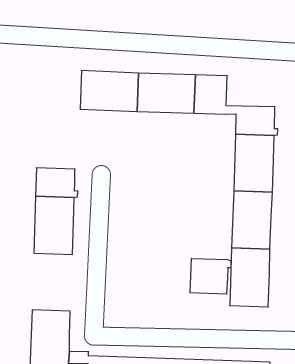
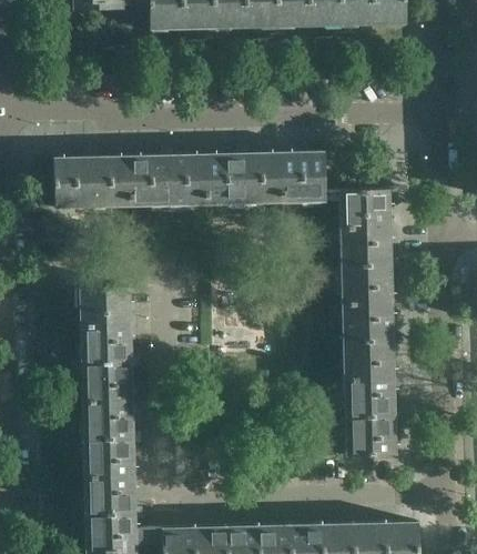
building: none -> [54,154,132,208]
building: none -> [82,399,134,475]
building: [190,258,231,294] -> none

